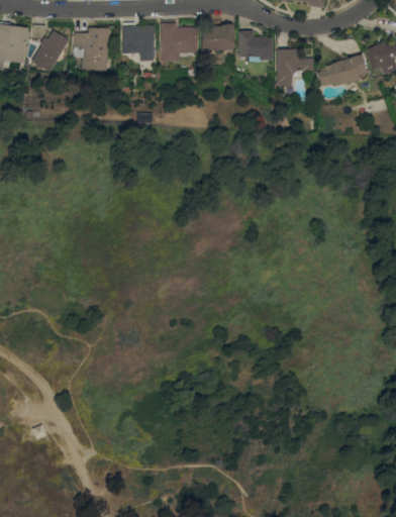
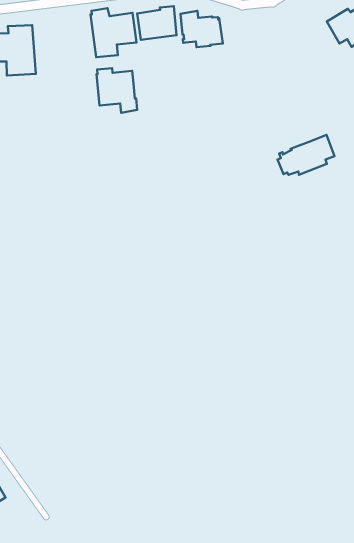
building: [122,22,155,62] -> [96,68,137,113]
building: [277,49,313,88] -> none
building: [317,55,367,87] -> [278,135,334,175]

